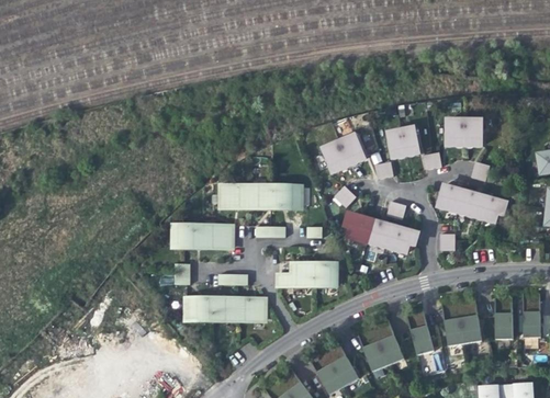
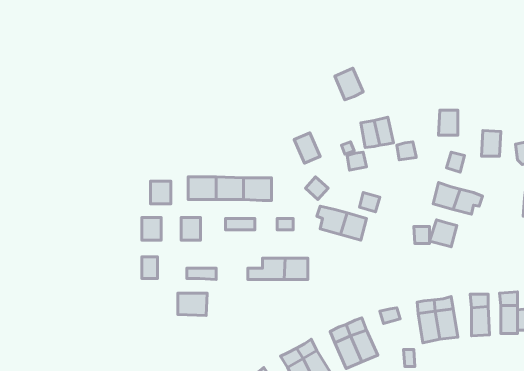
building: [446,120,464,145] -> [482,130,501,156]
building: [338,135,366,166] -> [335,68,363,100]
building: [437,185,463,212] -> [430,220,457,247]
building: [193,225,213,247] -> [151,181,171,204]
building: [388,226,417,252] -> none
building: [186,298,210,319] -> none
building: [237,298,265,320] -> none
building: [409,323,434,354] -> none

